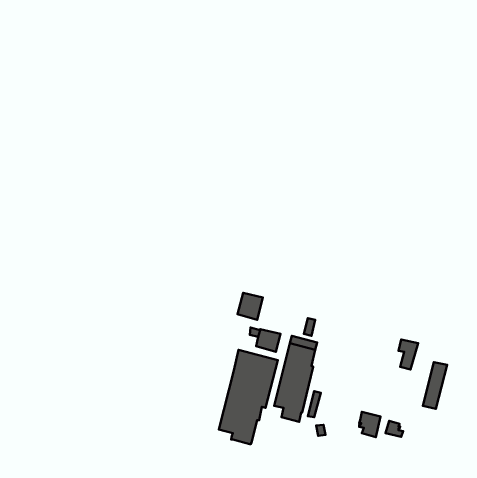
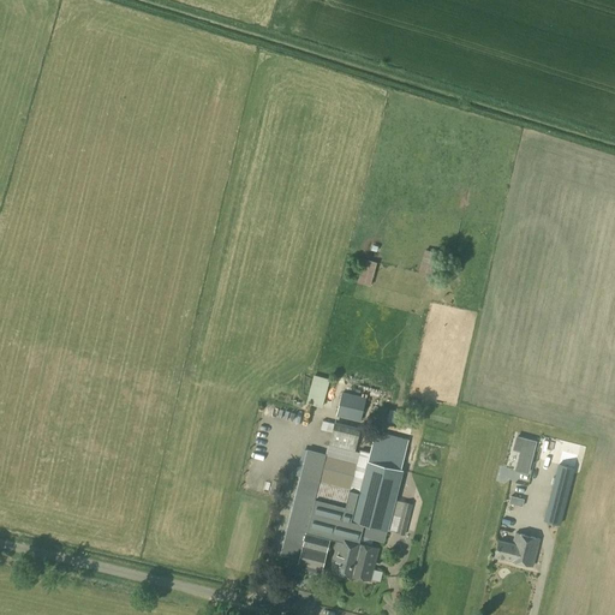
building: none -> [338,393,368,420]
building: [359,412,381,437] -> [513,533,541,566]
building: none -> [333,538,378,580]

